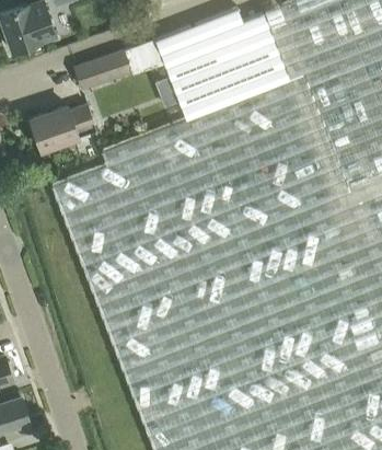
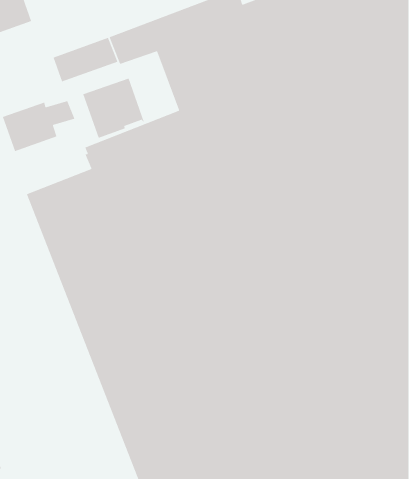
building: none -> [82,77,145,139]

